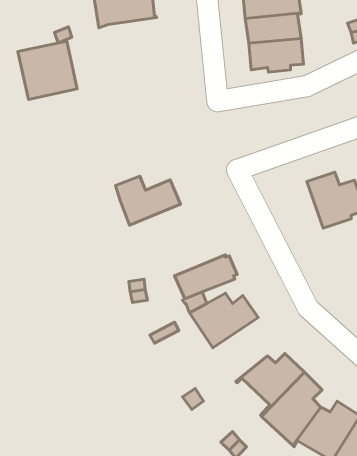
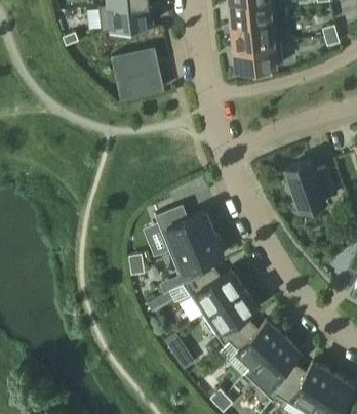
building: [18,41,77,99] -> [111,47,163,98]
building: [115,176,181,225] -> [156,208,213,251]
building: none -> [202,288,255,344]

